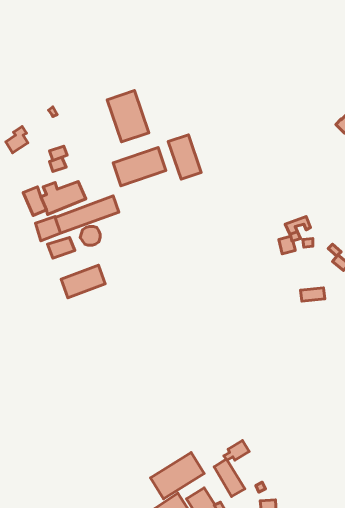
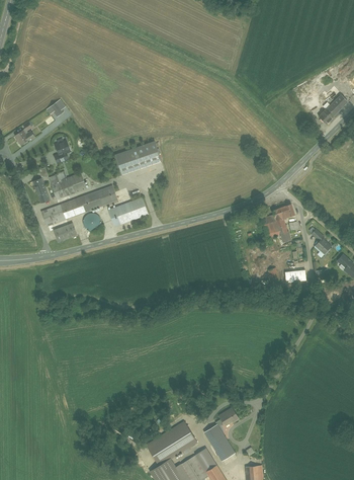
building: [107,91,149,142] -> none
building: [168,135,201,179] -> none
building: [61,265,105,298] -> [108,195,149,226]

